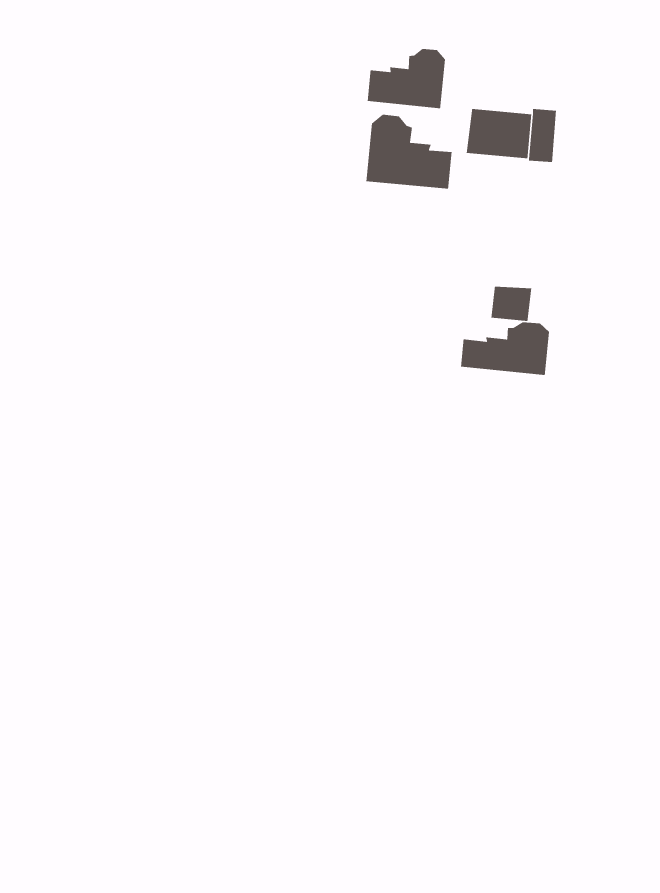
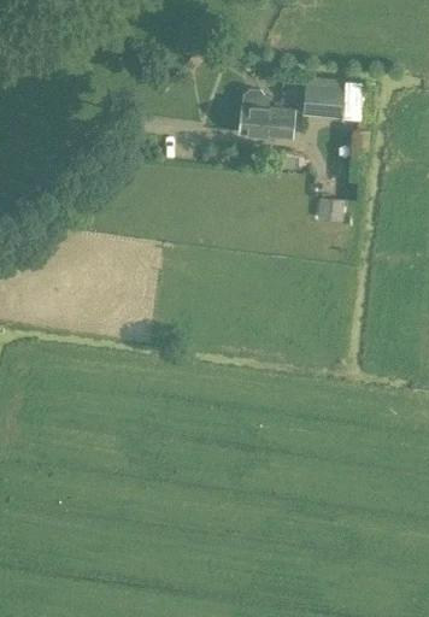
building: [367,48,446,109] -> none
building: [460,321,550,376] -> none

